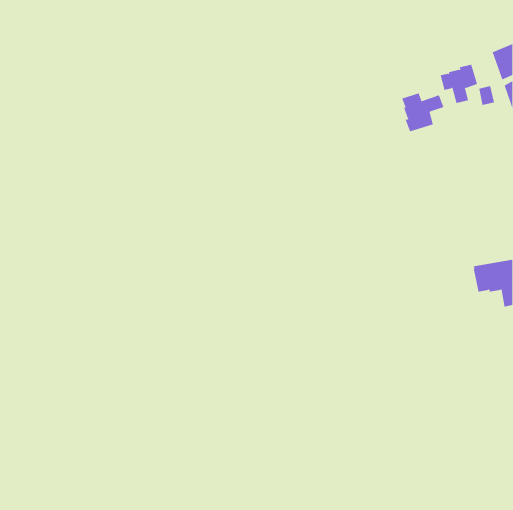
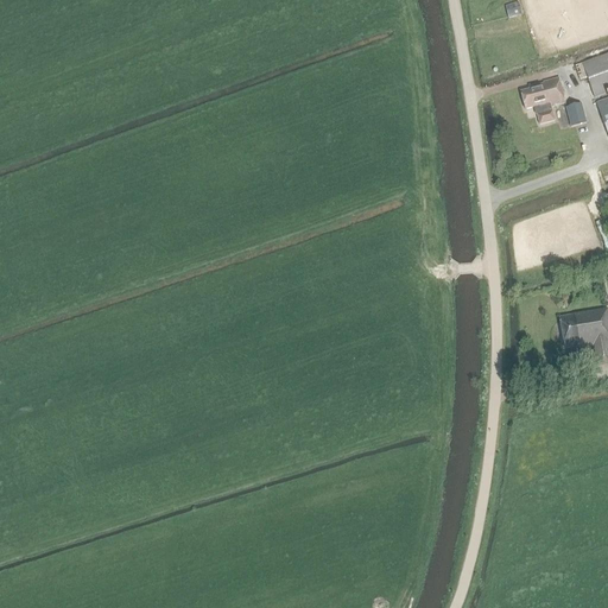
building: [401,92,444,132] -> none

